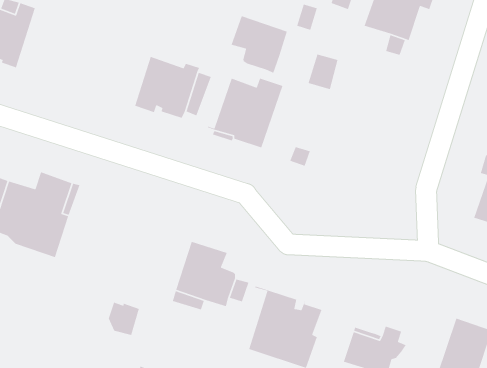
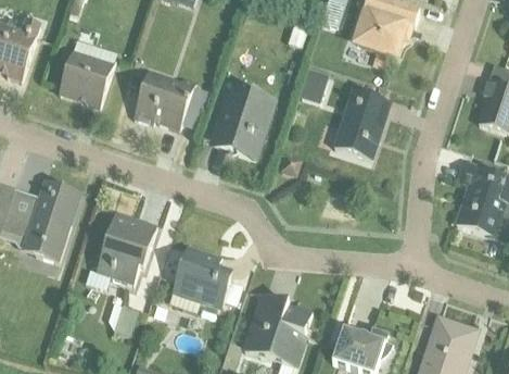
building: [230,15,288,74] -> none
building: none -> [59,39,118,107]
building: none -> [334,89,390,159]
building: none -> [96,212,157,285]

